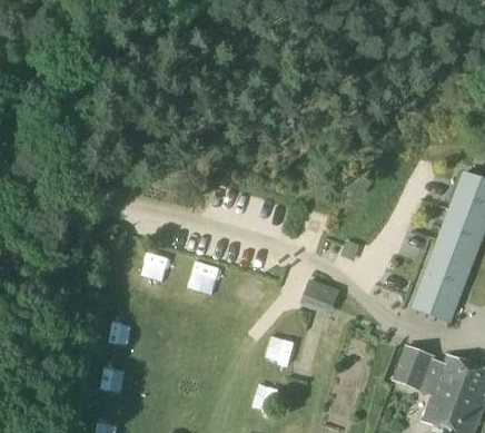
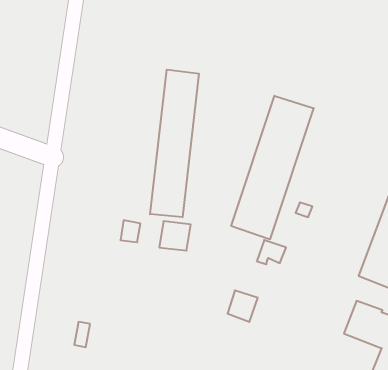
building: none -> [150,70,199,217]
building: none -> [231,96,314,239]

